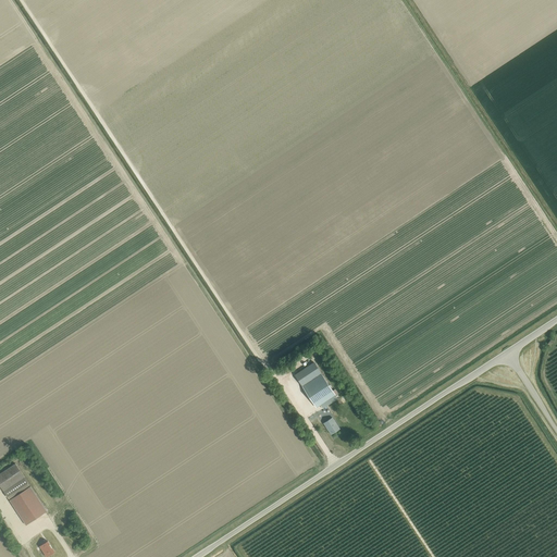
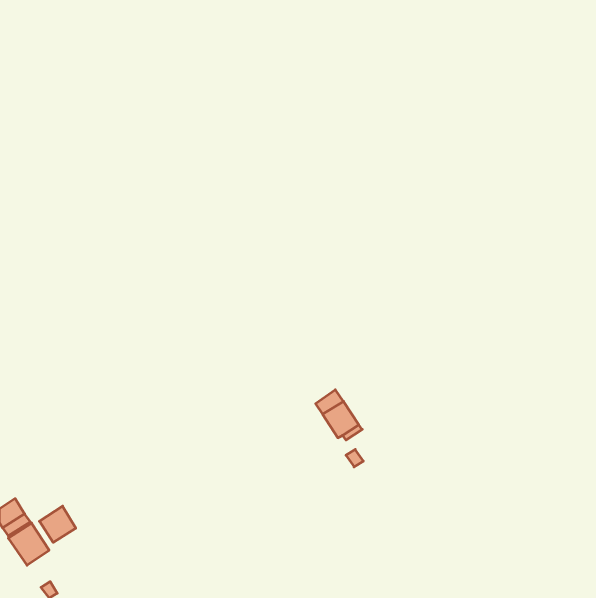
building: none -> [39,506,76,542]

